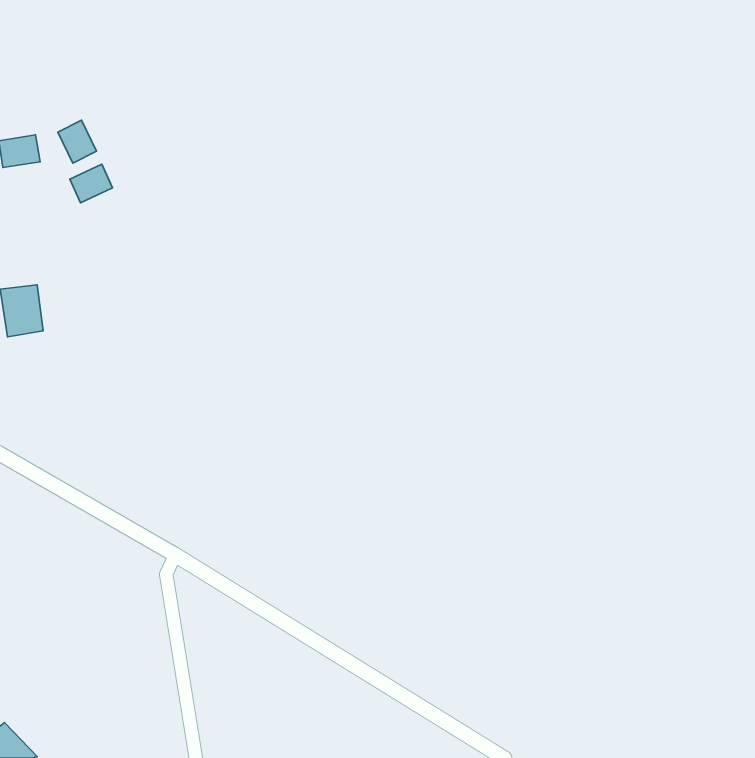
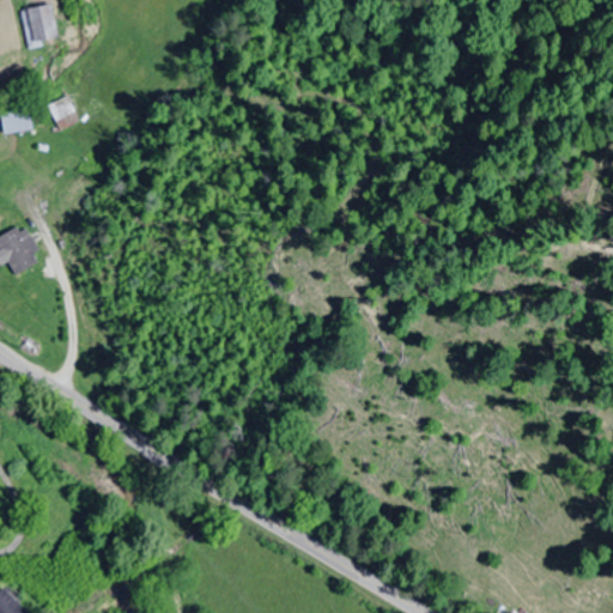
building: none -> [19,5,59,48]
building: [70,164,112,203] -> none

